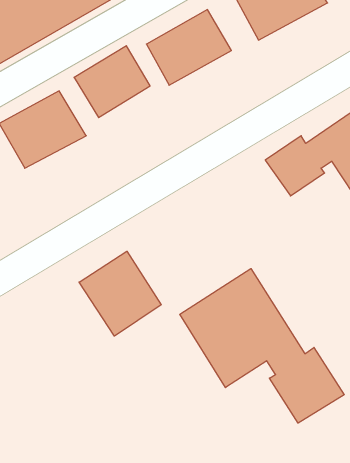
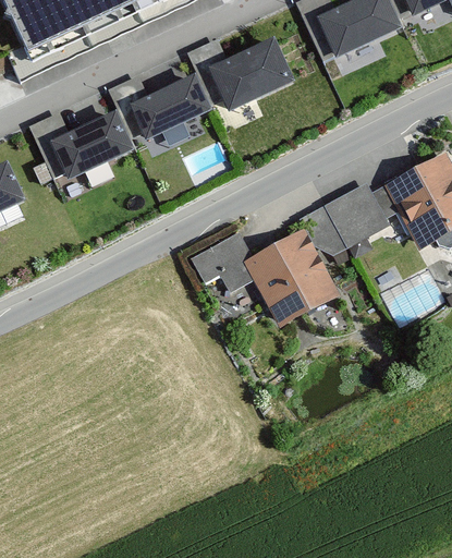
building: none -> [193,202,351,325]
building: [79,251,161,336] -> none
building: [180,269,344,423] -> none

